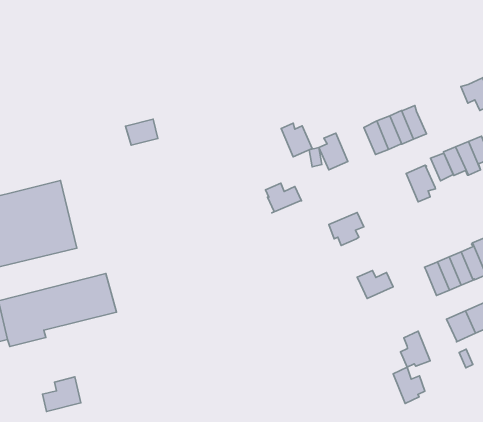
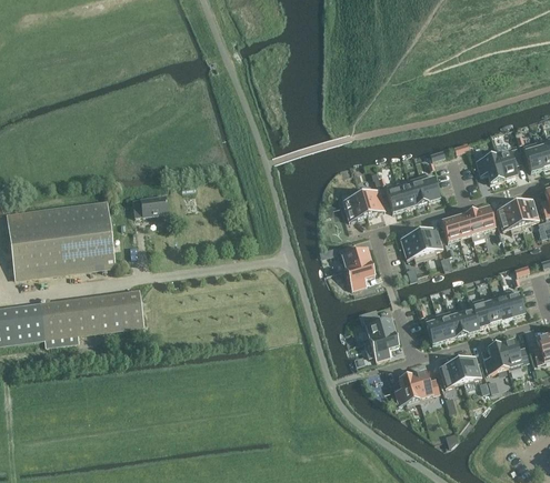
building: [125,119,158,145] -> [140,194,168,215]
building: [281,123,312,157] -> [359,184,384,214]
building: none -> [400,231,426,261]
building: [265,183,301,213] -> [340,243,371,269]
building: none -> [370,331,399,359]
building: [393,367,425,403] -> [412,369,439,401]
building: [42,377,81,412] -> none

